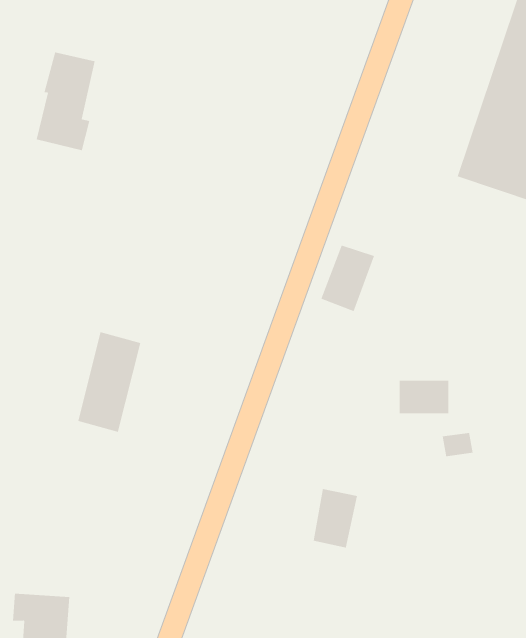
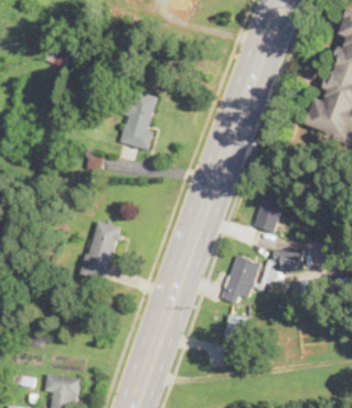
building: [36,52,96,151] -> [119,90,154,149]
building: [321,245,375,312] -> [252,192,284,232]
building: none -> [221,254,258,303]

